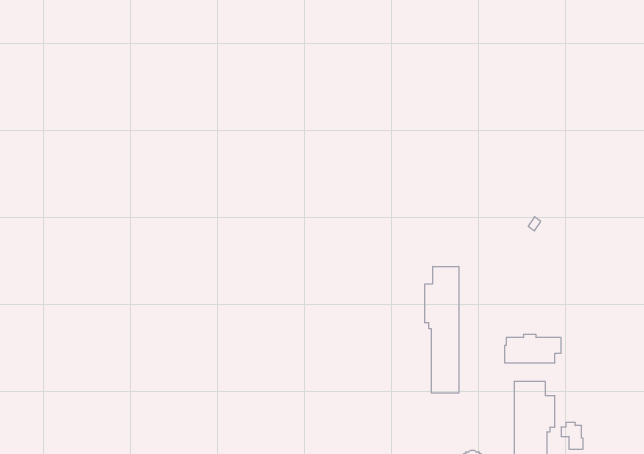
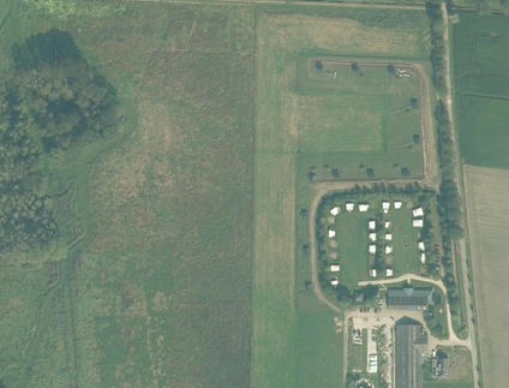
building: [425,266,459,393] -> none

